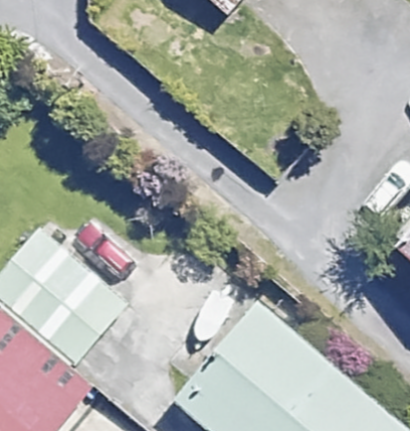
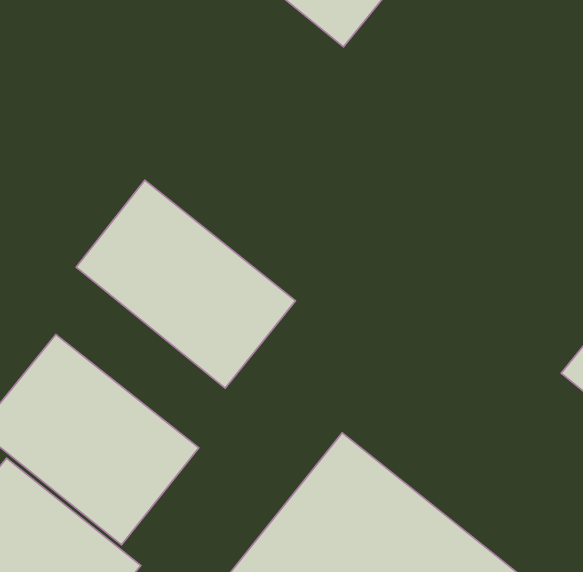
building: none -> [76,180,295,388]

